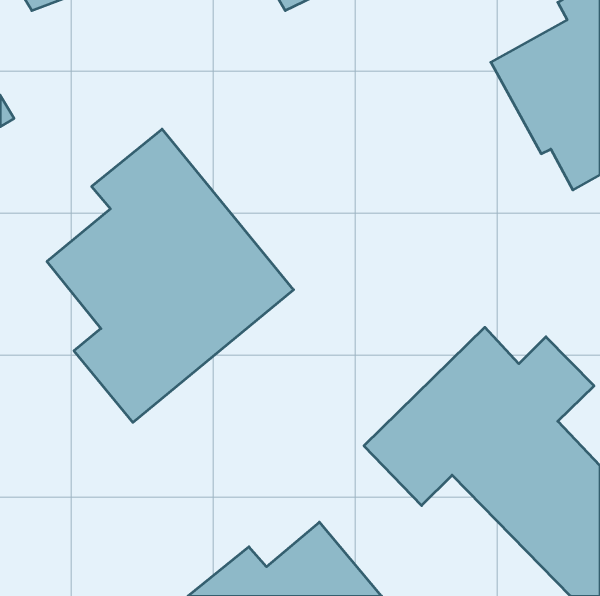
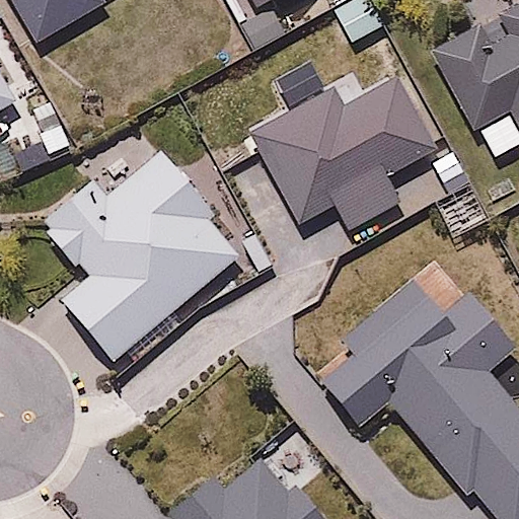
building: none -> [250,56,471,234]

